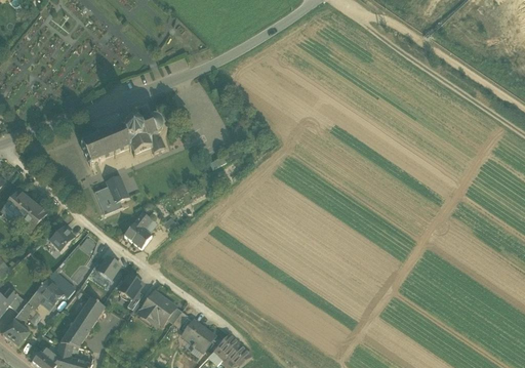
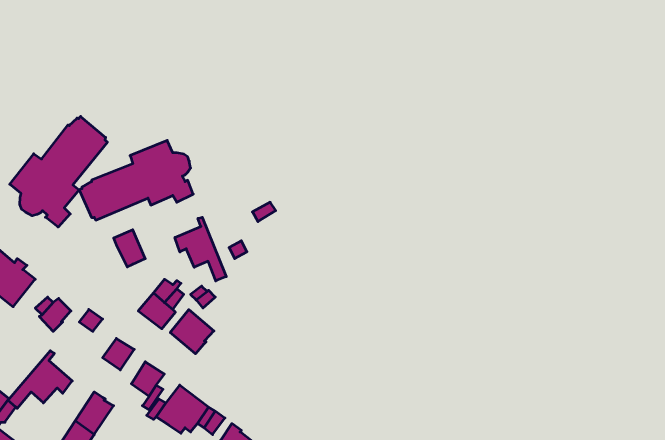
building: none -> [10,116,107,227]
building: none -> [175,217,226,281]
building: [93,186,122,214] -> none
building: none -> [170,310,214,354]

